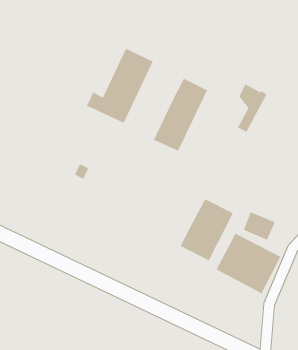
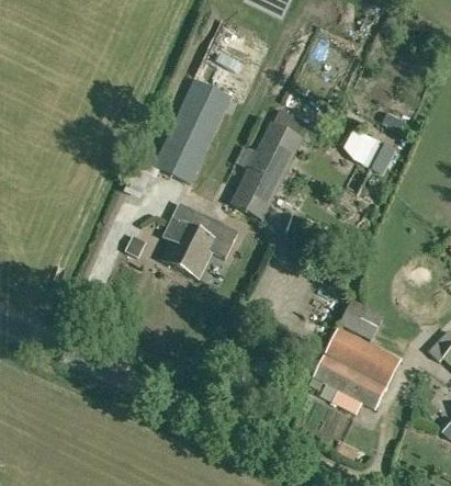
building: none -> [160,203,238,279]
building: [180,198,234,261] -> none

